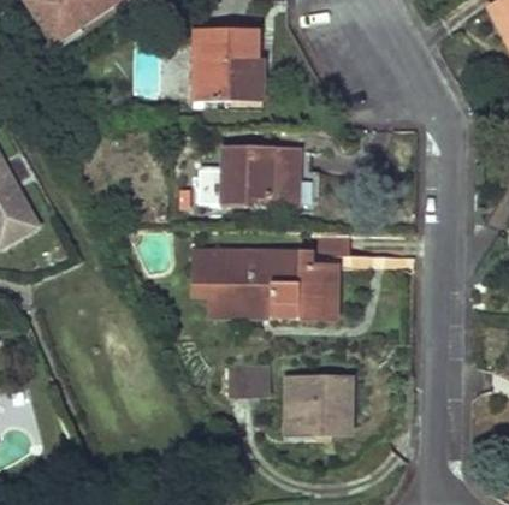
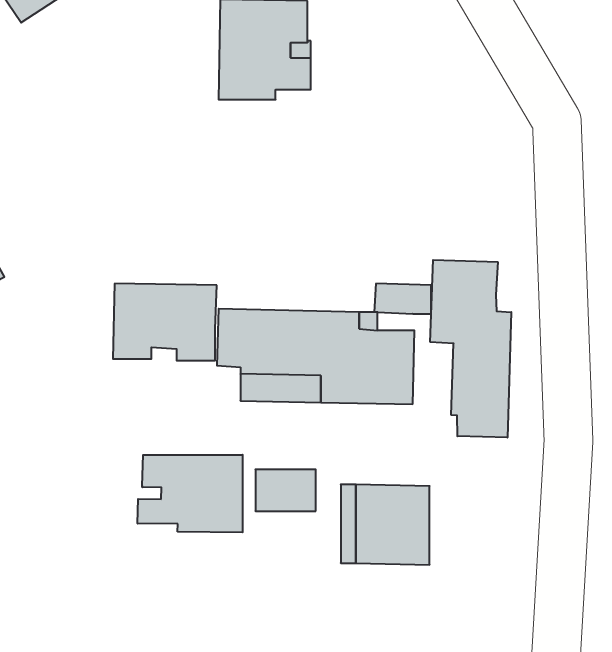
building: [223,148,297,203] -> [113,284,217,361]
building: none -> [430,260,511,438]
building: none -> [138,455,243,532]

